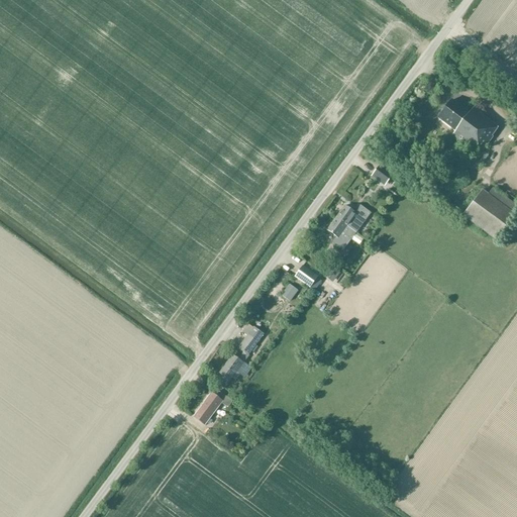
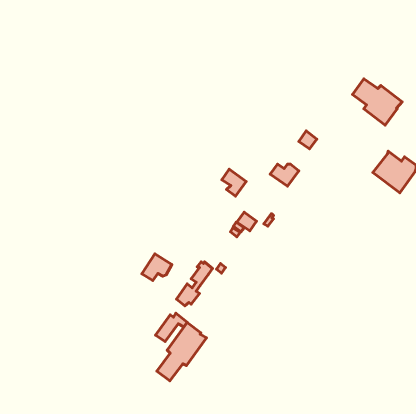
building: [326,216,356,249] -> [222,169,246,196]
building: none -> [142,254,172,280]
building: none -> [157,323,206,381]

